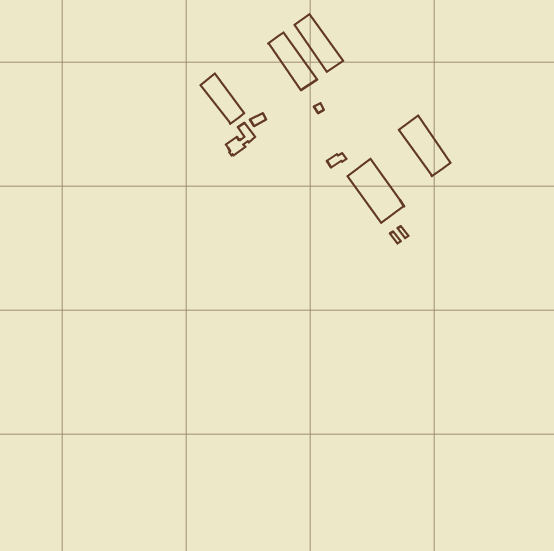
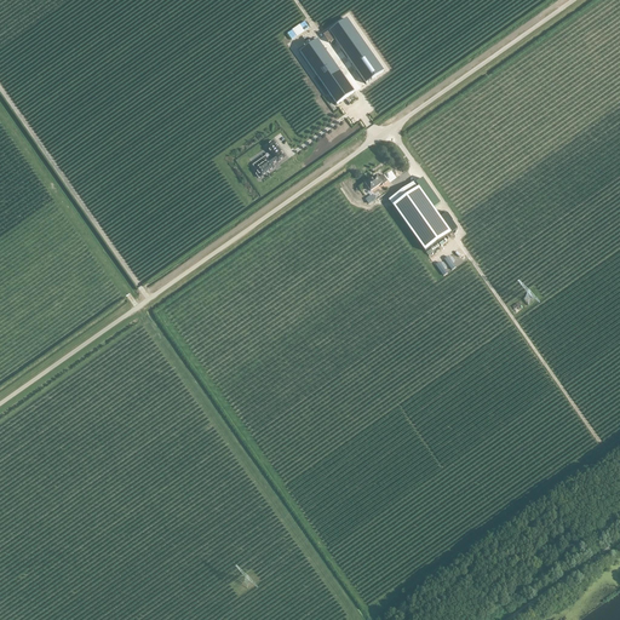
building: [201,74,244,124] -> none
building: [399,116,450,176] -> none

